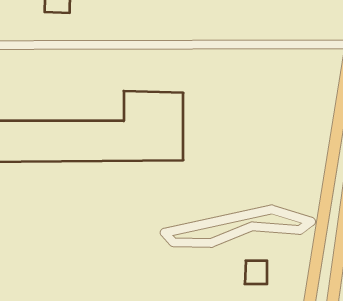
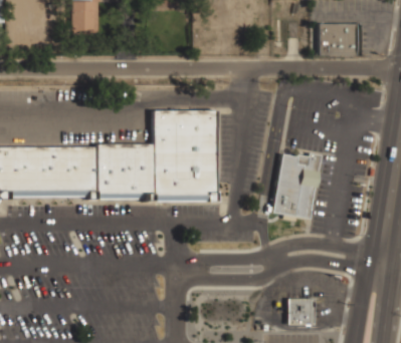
building: none -> [318,24,356,56]
building: none -> [271,153,320,220]

